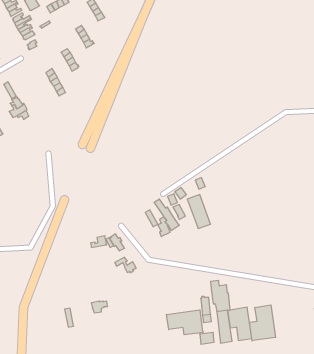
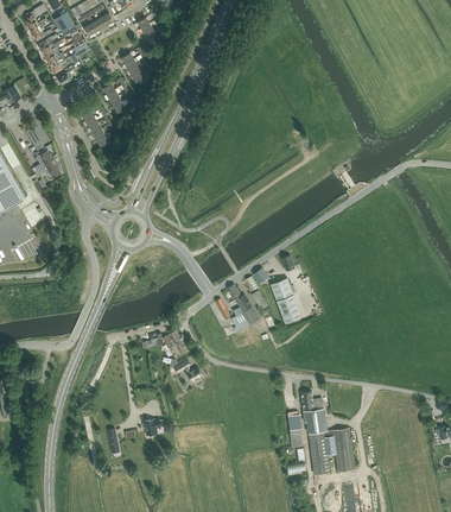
building: [250,305,276,341] -> none
building: [167,310,203,335] -> none

